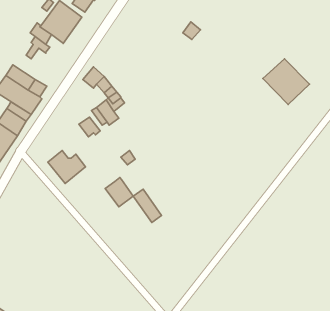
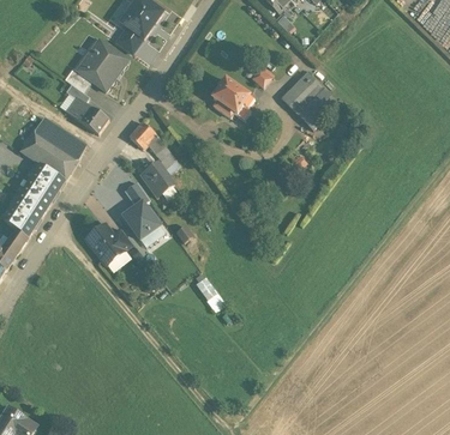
building: none -> [212,79,252,116]
building: none -> [65,97,108,133]
building: [263,59,310,105] -> [281,72,338,128]
building: [105,178,133,207] -> [124,201,158,237]

